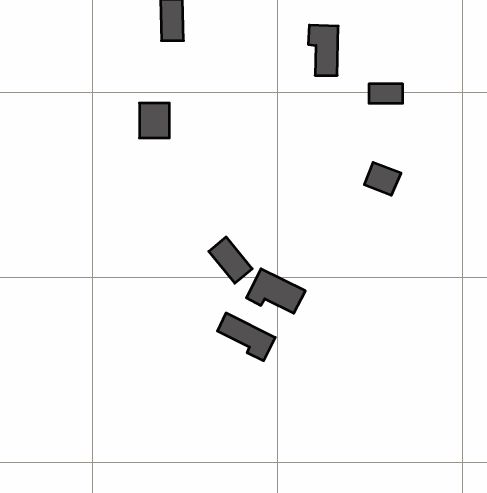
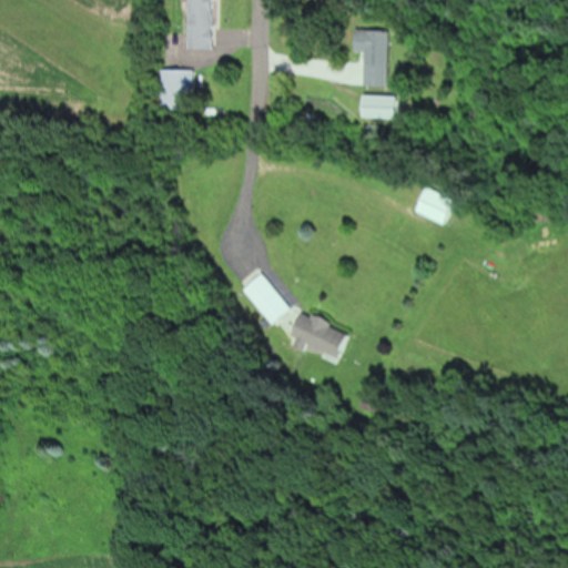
building: [369,84,403,103] -> [361,95,399,118]
building: [139,103,169,138] -> [155,69,190,109]
building: [217,313,275,361] -> none

